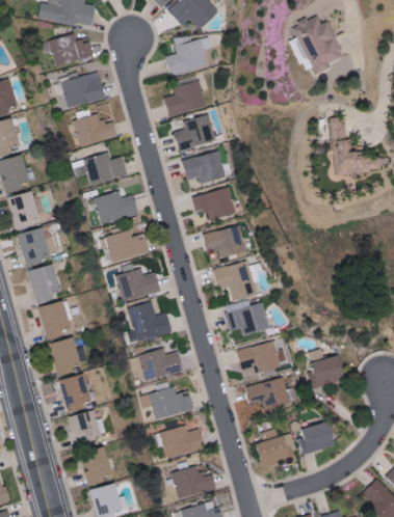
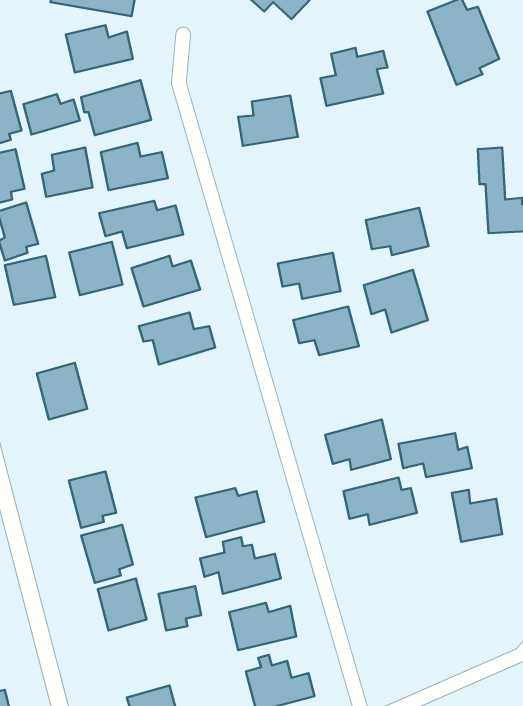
building: [165,35,211,75] -> [320,48,388,106]
building: none -> [23,94,80,135]
building: [175,115,215,149] -> none
building: none -> [42,147,93,197]
building: [182,152,225,184] -> [366,208,428,255]
building: [17,227,53,264] -> [69,242,123,295]
building: [213,260,257,302] -> [364,270,428,333]
building: [113,264,160,302] -> none
building: [38,302,70,335] -> none
building: [124,302,172,343] -> none
building: [244,379,294,409] -> [399,433,472,477]
building: [296,421,336,455] -> none
building: [257,430,292,468] -> none
building: [83,456,112,486] -> [158,586,201,631]

